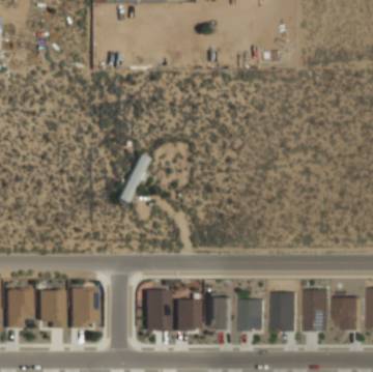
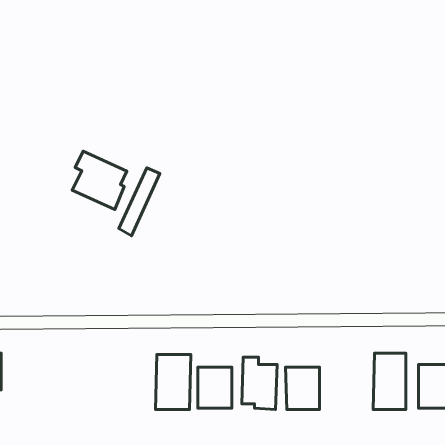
building: none -> [72,151,127,209]
building: [71,287,98,327] -> none
building: [41,289,65,326] -> none
building: [274,290,298,330] -> none

